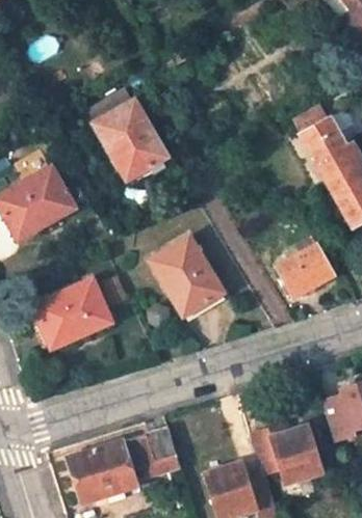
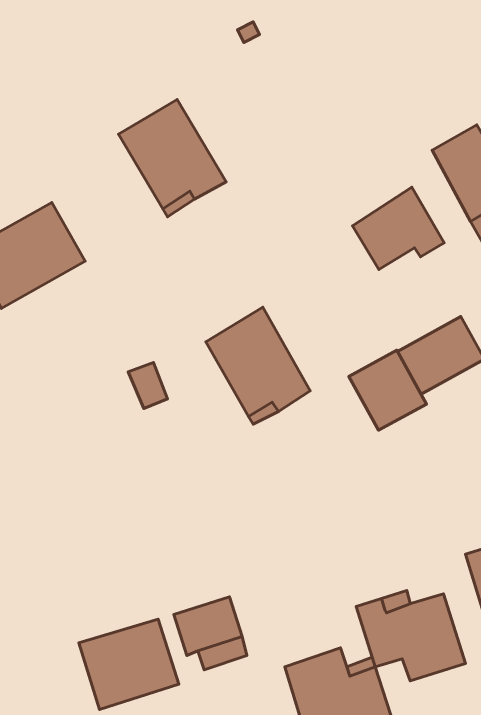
building: none -> [353,187,444,269]
building: none -> [349,350,426,430]
building: [33,280,110,348] -> none

